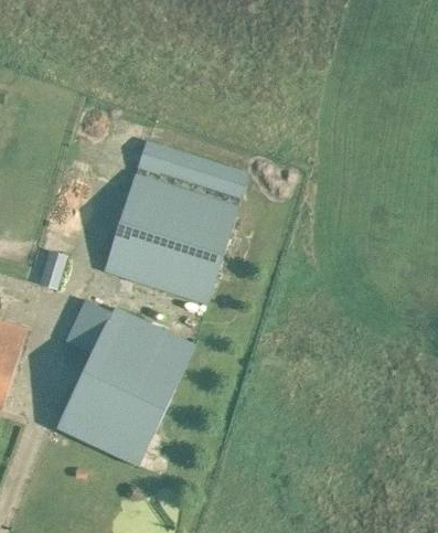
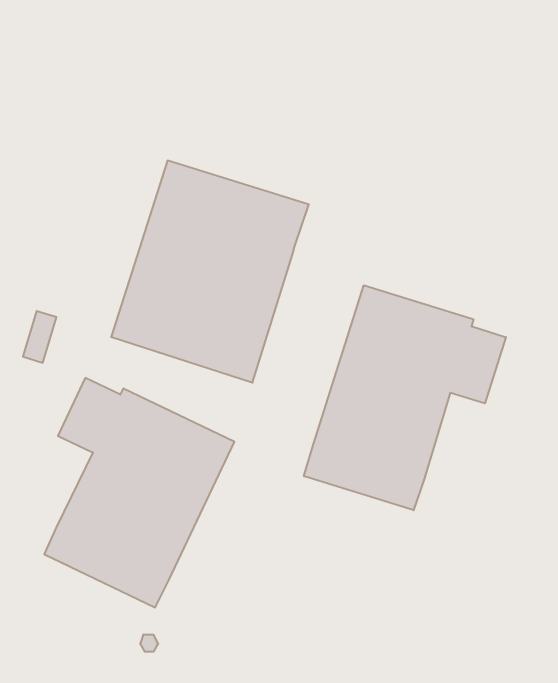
building: none -> [304,285,506,510]

